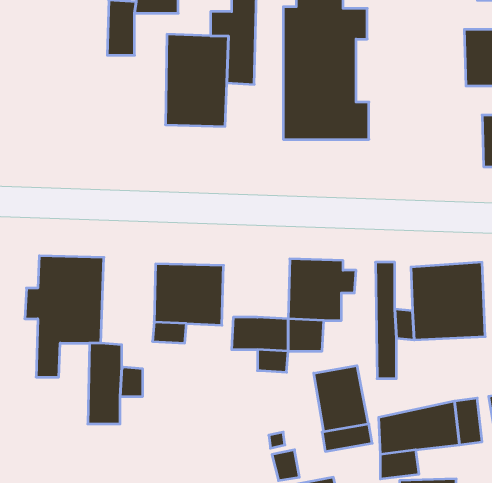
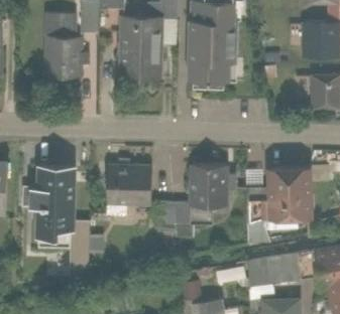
building: none -> [43,13,75,75]
building: [314,366,368,432] -> none

